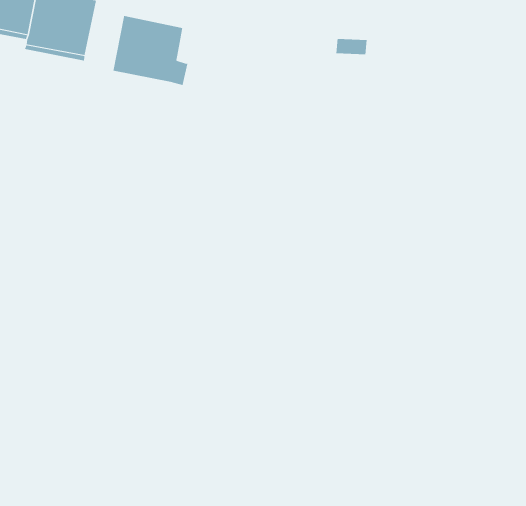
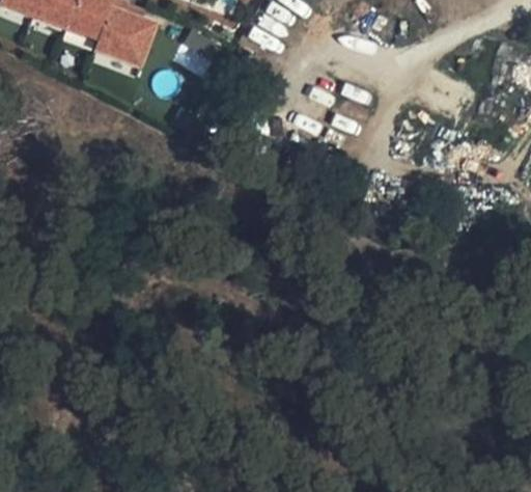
building: [113,15,188,86] -> none

